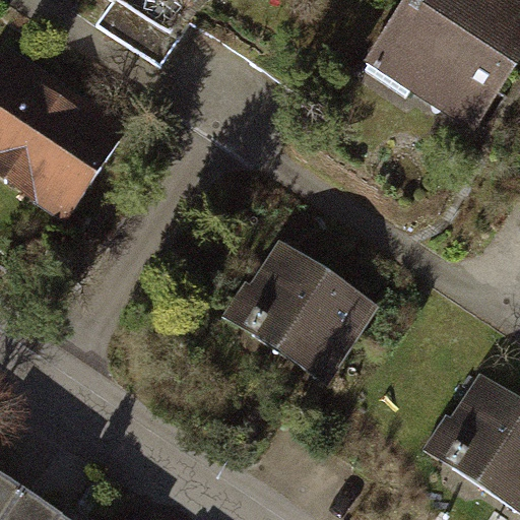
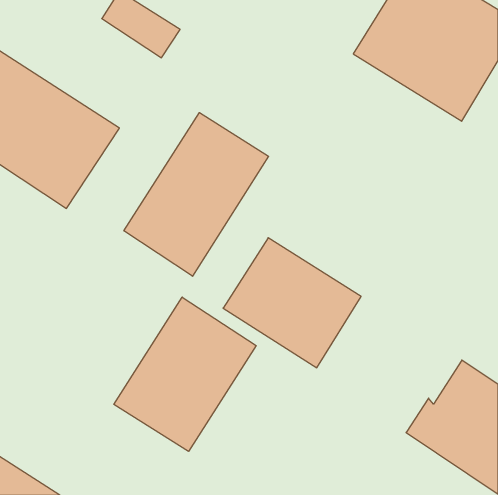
building: none -> [124,113,269,276]
building: none -> [114,297,256,451]

